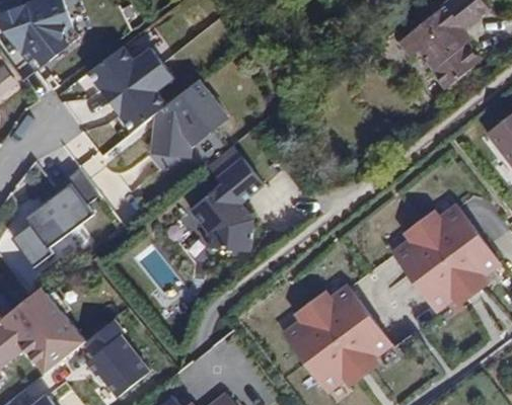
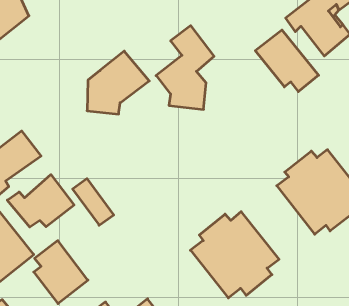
building: [85,48,174,136] -> none
building: none -> [255,30,319,92]
building: [191,146,264,251] -> [156,26,214,109]
building: none -> [7,175,74,227]

